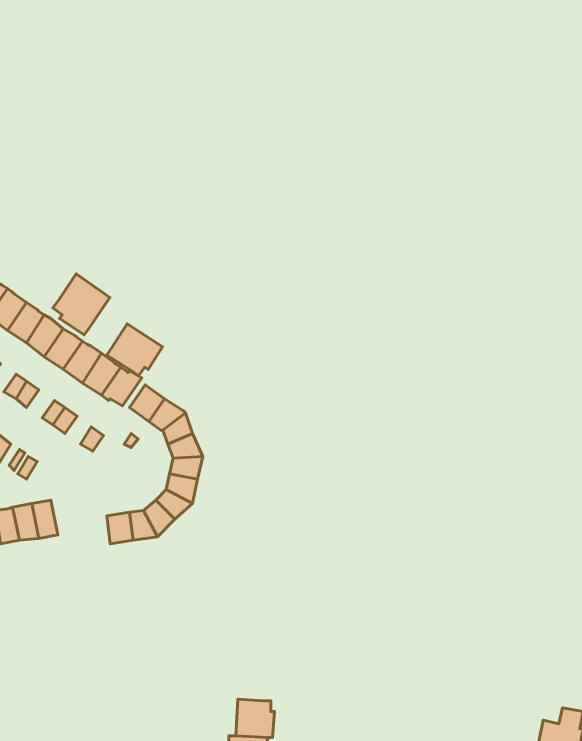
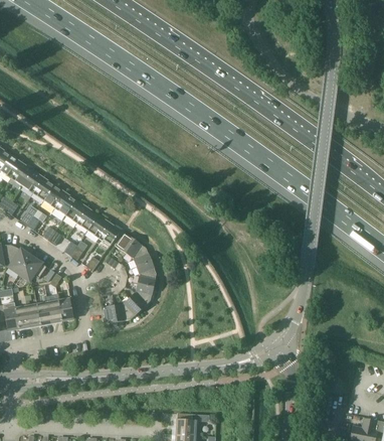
building: [53,274,110,335] -> none
building: [107,324,162,376] -> none

